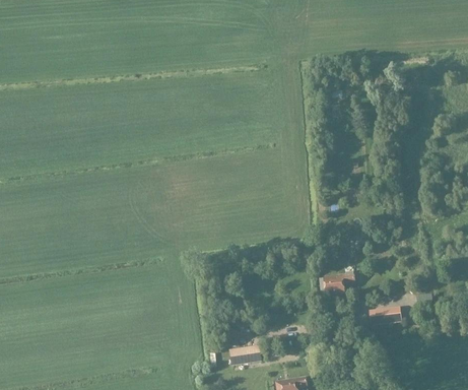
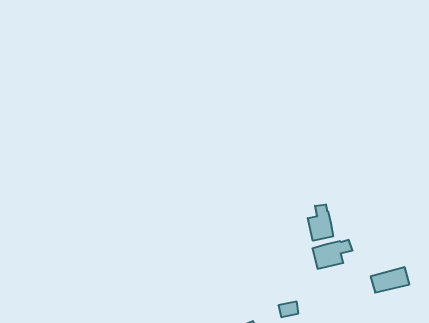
building: none -> [308,204,333,241]

